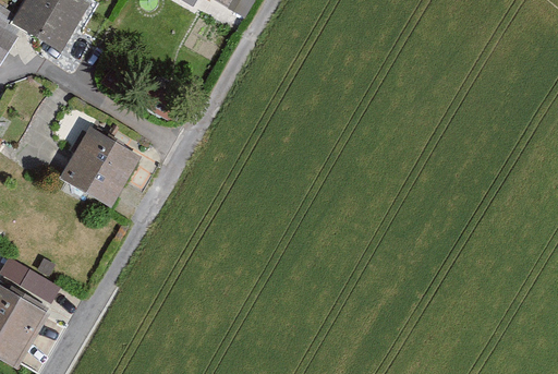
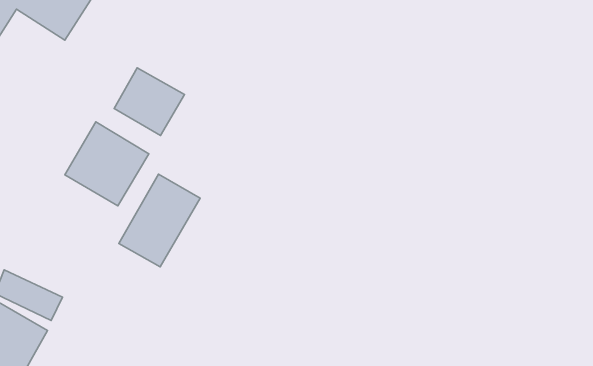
building: none -> [114,68,185,136]
building: none -> [119,174,200,267]

